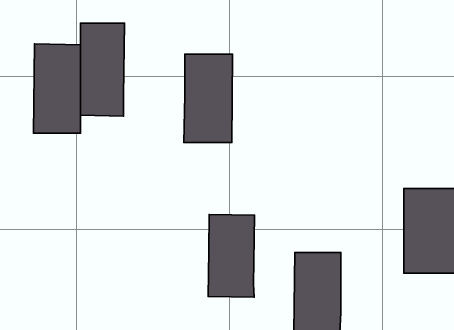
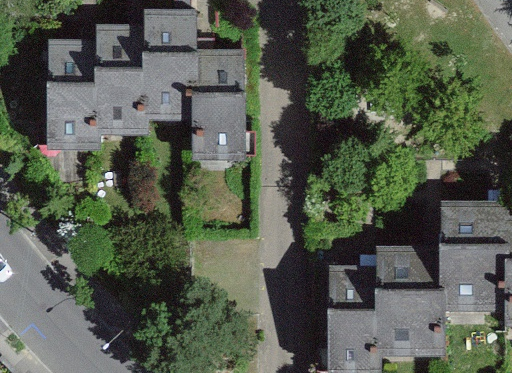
building: none -> [142,15,207,110]
building: [208,214,254,297] -> none
building: none -> [373,258,440,341]

